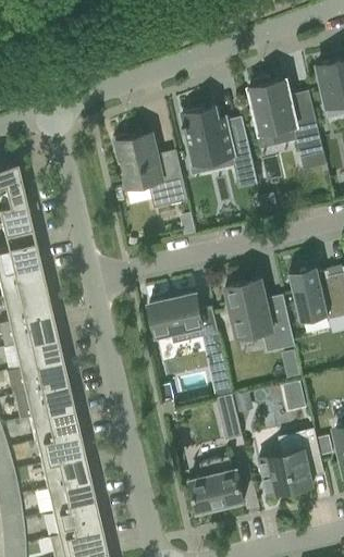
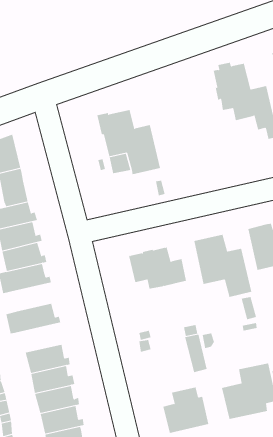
building: [184,108,259,188] -> none
building: [14,336,67,370] -> none
building: [15,384,78,421] -> none

